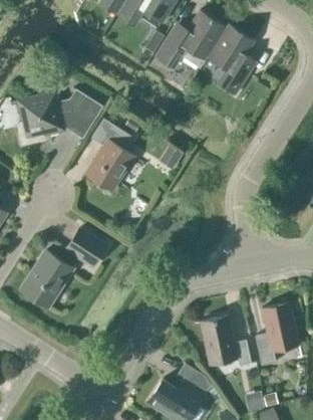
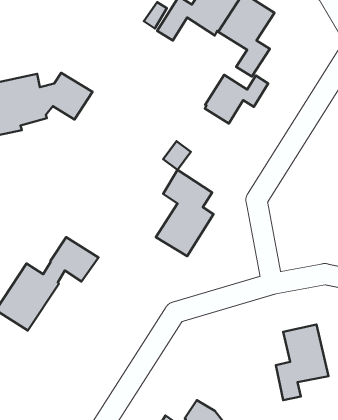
building: none -> [205,75,268,124]
building: [85,119,133,191] -> [156,170,213,256]
building: [200,316,251,367] -> none

